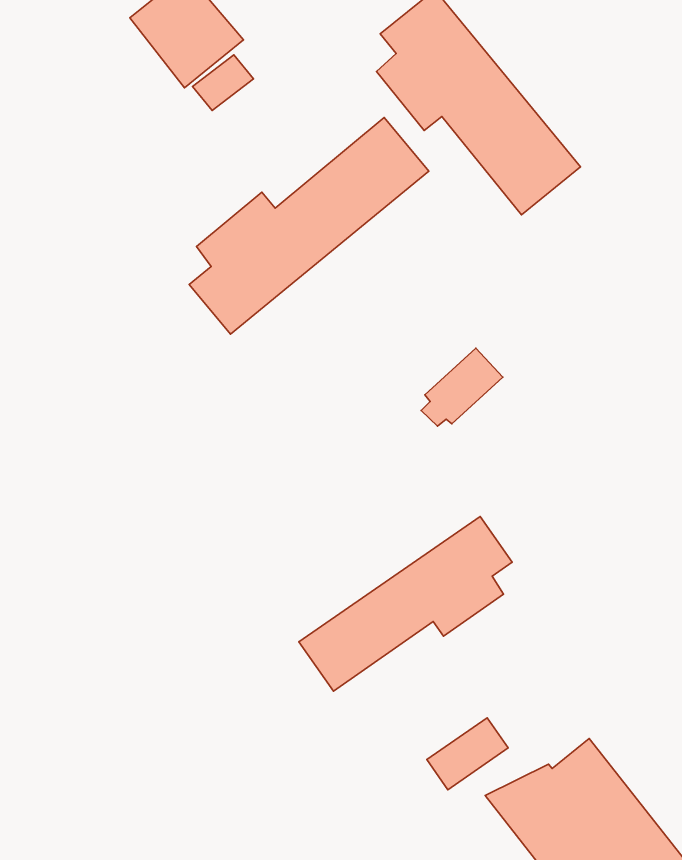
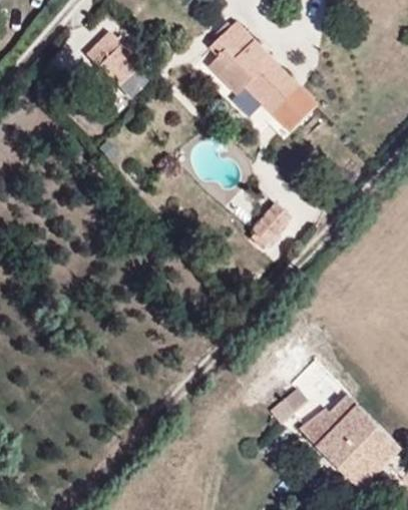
building: [189,118,429,334] -> none
building: [299,516,512,691] -> none

